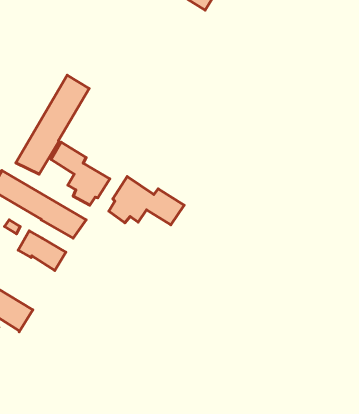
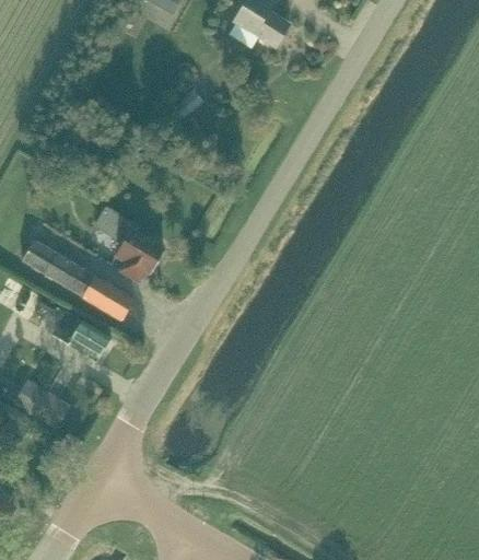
building: [16,75,89,174] -> none
building: [109,176,184,225] -> none

